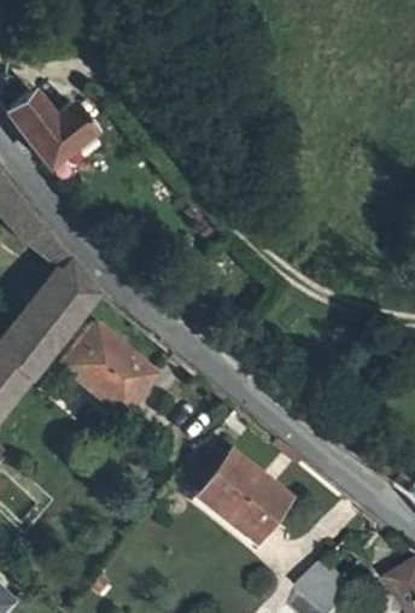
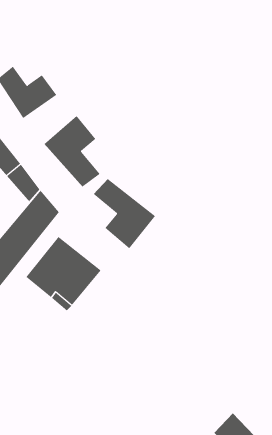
building: none -> [44,115,100,187]
building: none -> [93,178,156,249]
building: [199,455,290,542] -> none

